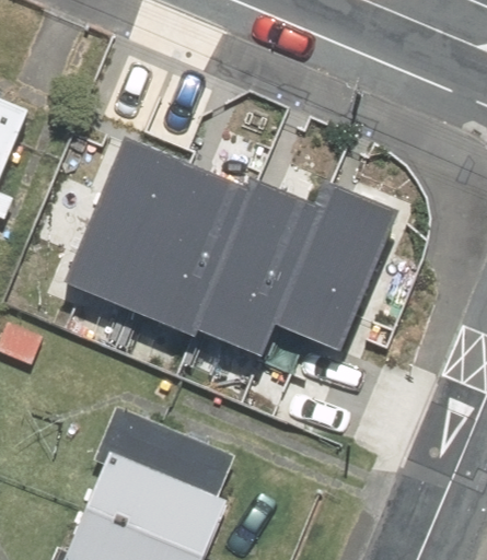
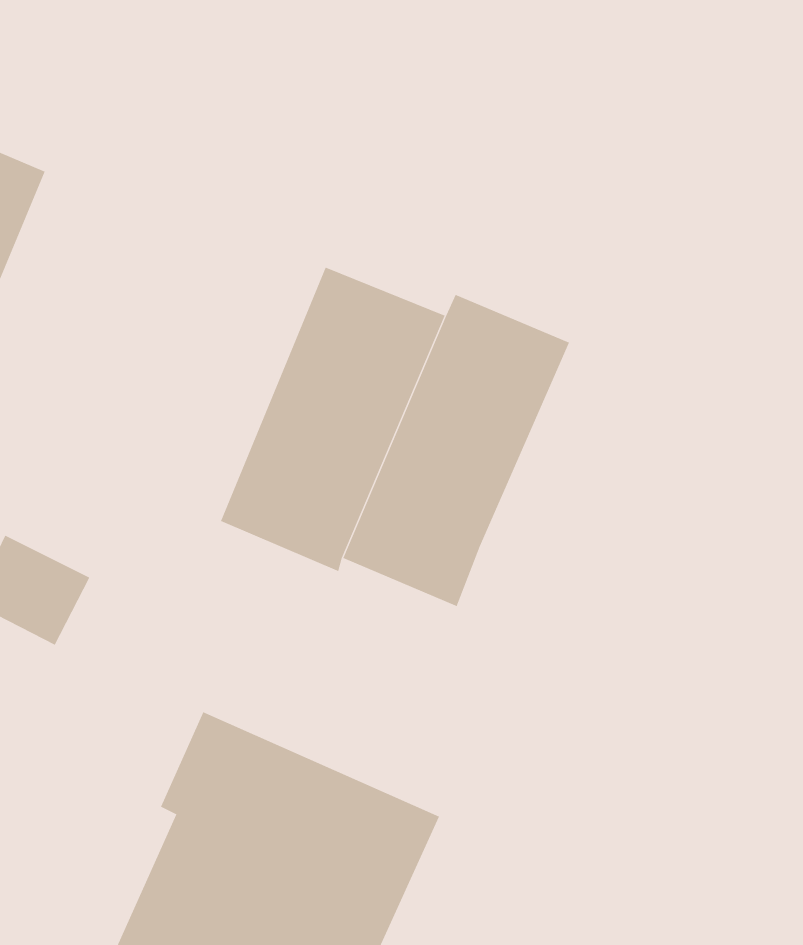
building: [62,139,185,307] -> none
building: [273,184,398,350] -> none

